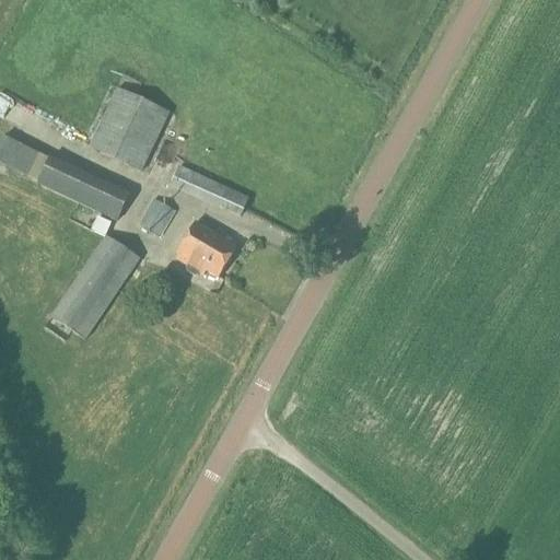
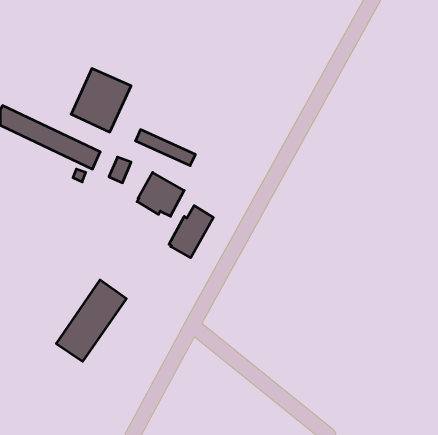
building: [50,234,140,338] -> [56,280,126,361]
building: none -> [169,206,213,258]

